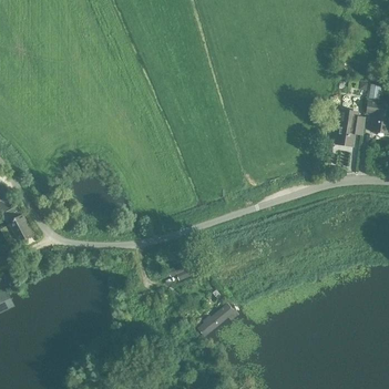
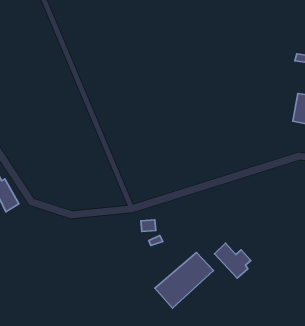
building: none -> [214,243,251,278]

